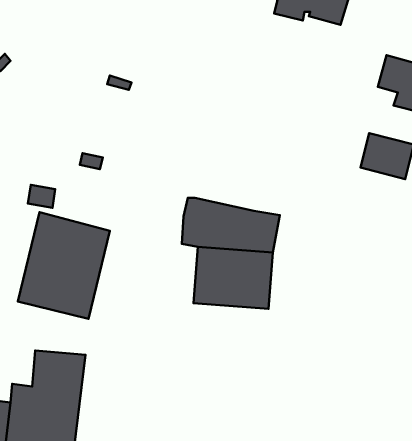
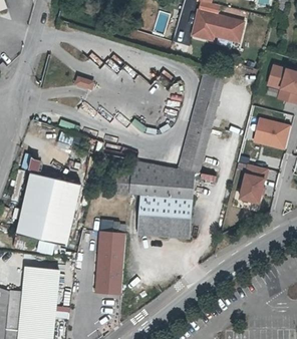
building: none -> [178,76,222,175]
building: none -> [236,162,268,204]
building: none -> [93,229,124,293]

